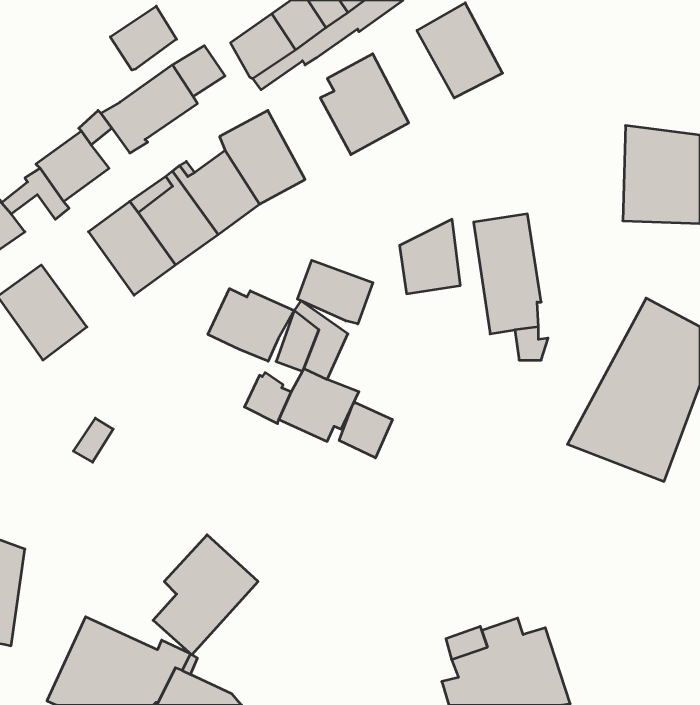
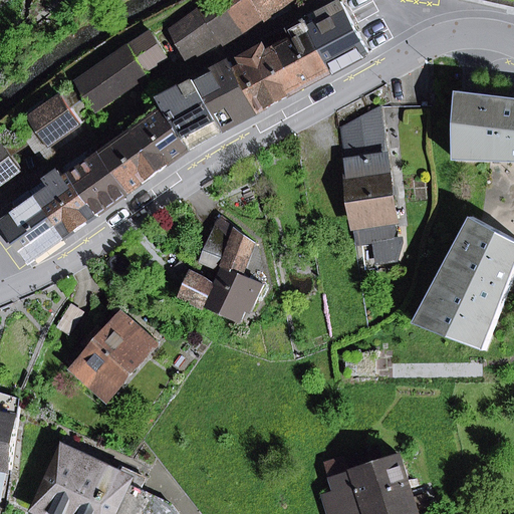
building: [110,6,177,70] -> none
building: none -> [271,22,330,89]
building: none -> [195,62,255,131]
building: [400,219,460,294] -> [339,107,383,162]
building: none -> [30,169,97,238]
building: [297,260,373,324] -> none
building: [208,289,294,361] -> none
building: [339,402,392,458] -> none
building: [153,535,258,655] -> [75,310,152,398]

